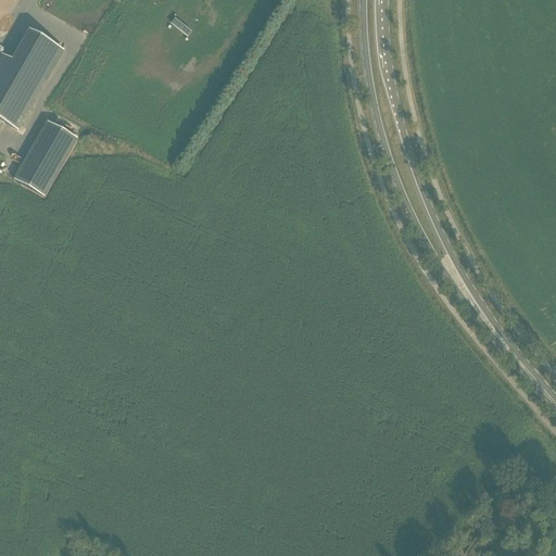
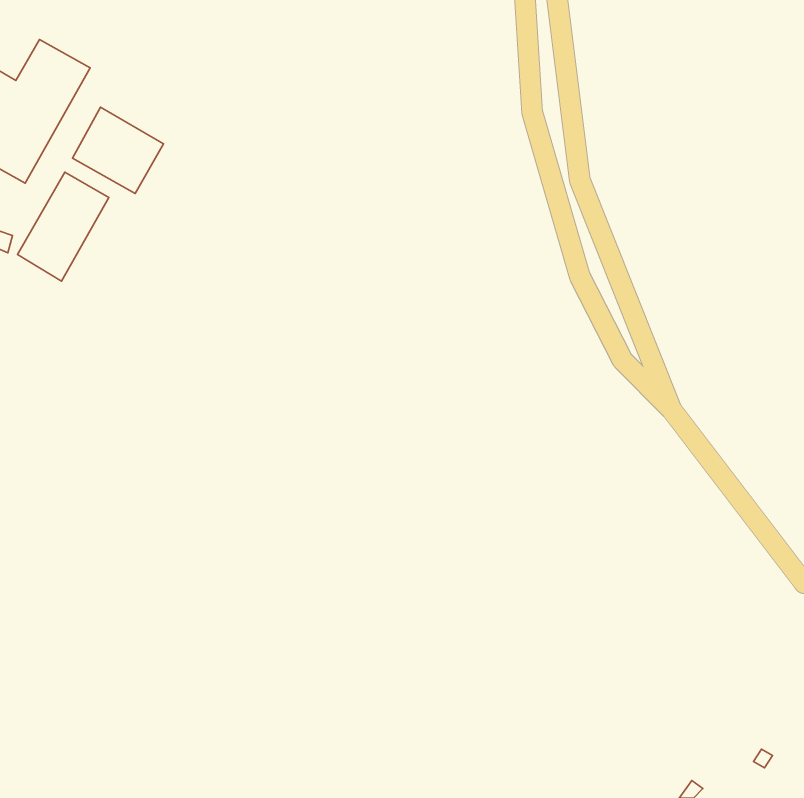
building: none -> [73,107,164,193]

